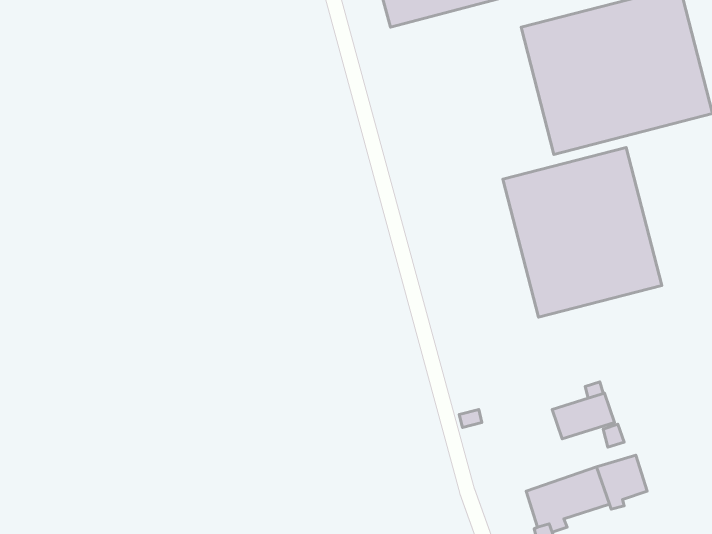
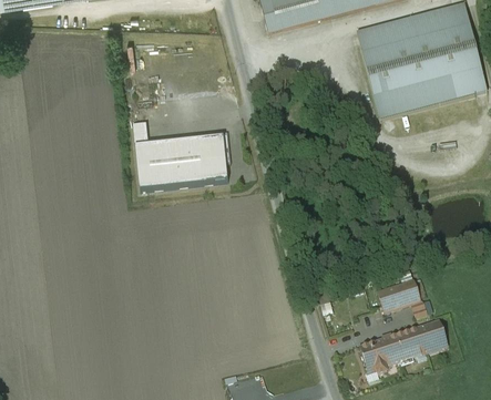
building: [503,148,662,317] -> none
building: none -> [133,121,231,188]

